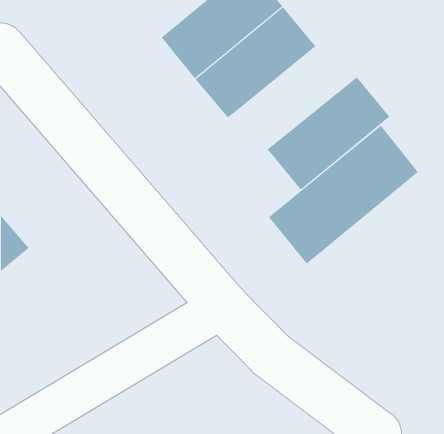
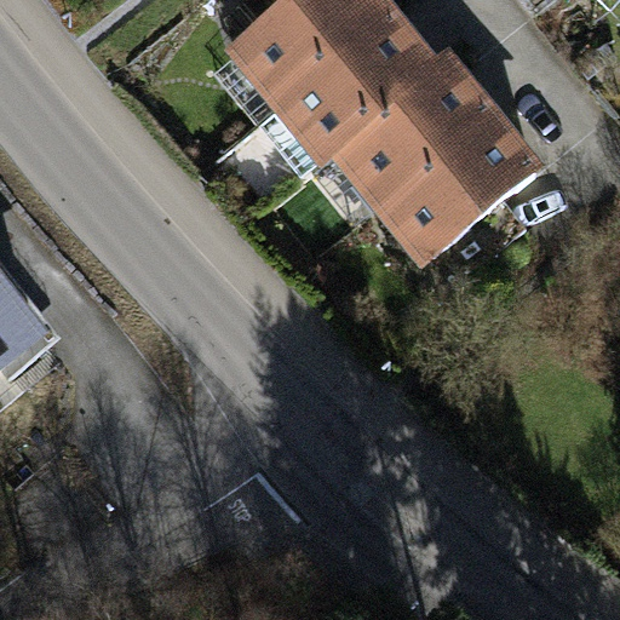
building: none -> [328,53,498,208]
building: [268,125,419,264] -> none

